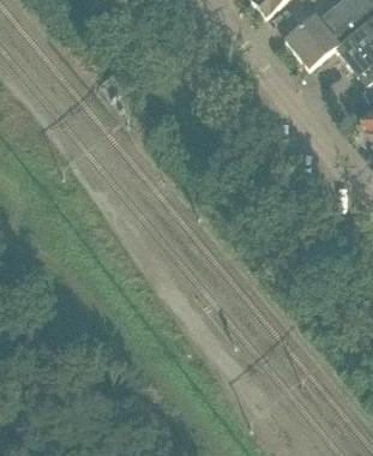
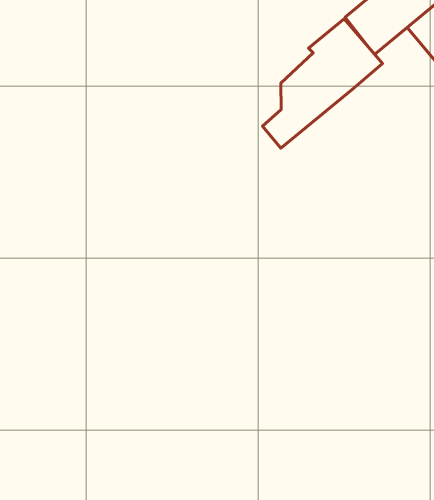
building: none -> [263,19,383,148]

